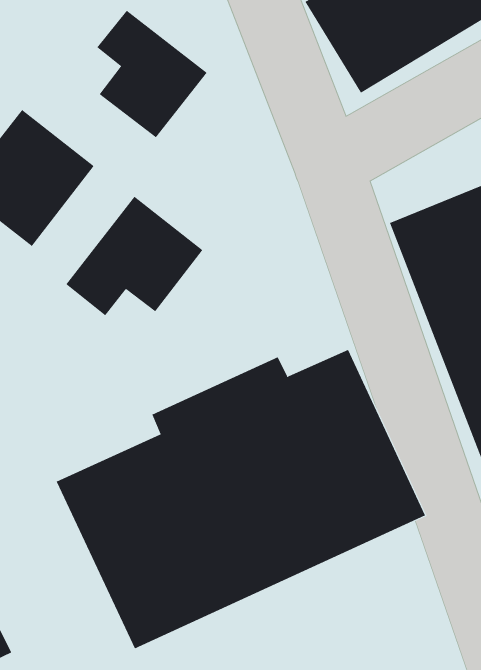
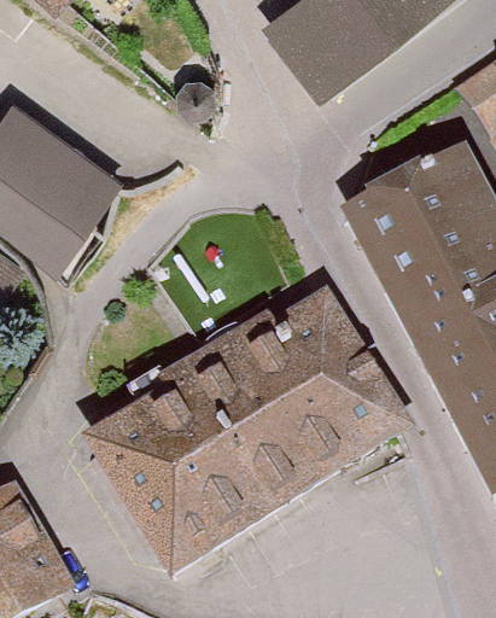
building: [97,10,207,138] -> none
building: [66,196,203,316] -> none

